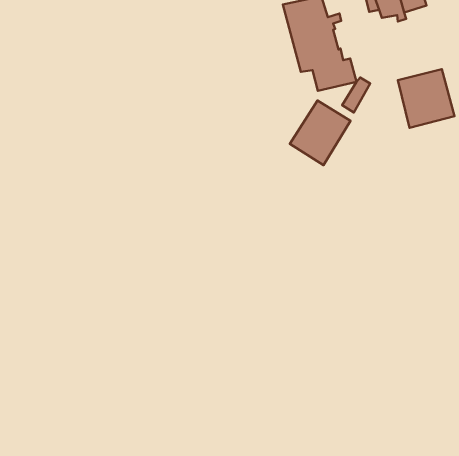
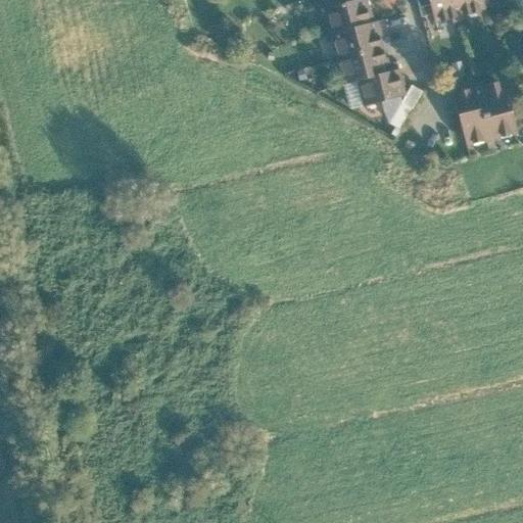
building: [290,101,351,165] -> none

